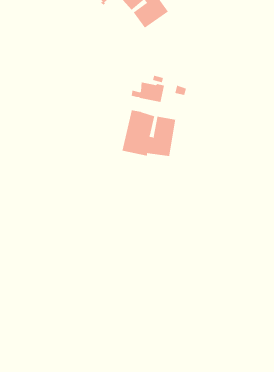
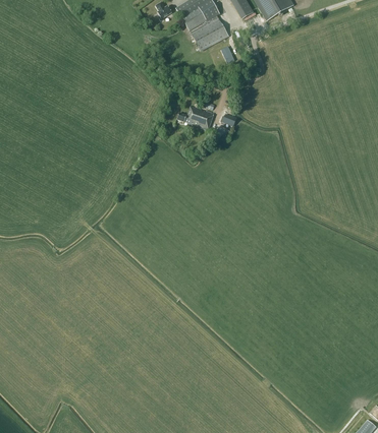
building: [122,110,176,157] -> none

